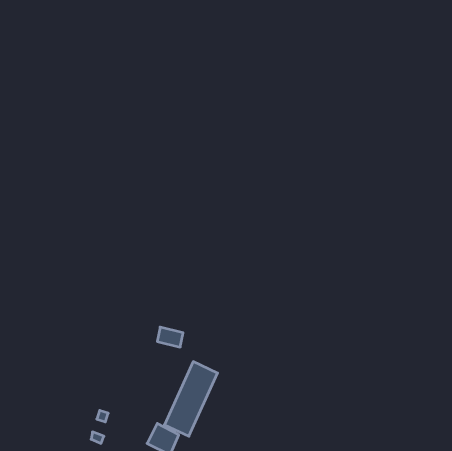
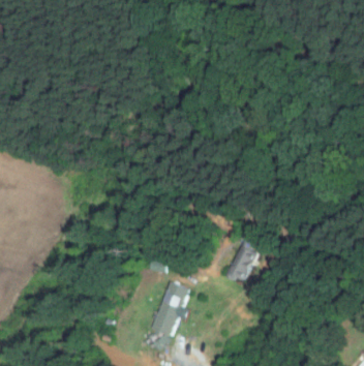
building: none -> [224,240,257,280]

